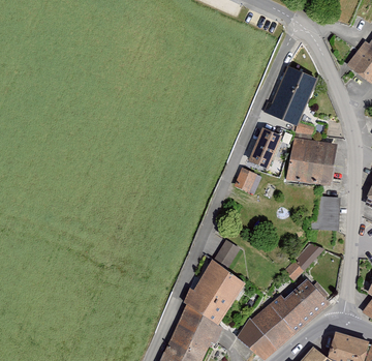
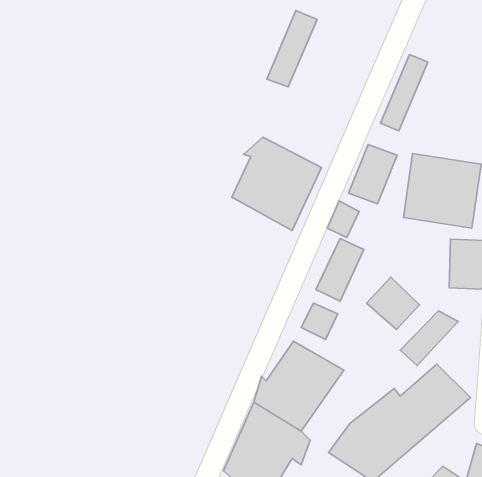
building: [283,73,317,125] -> [267,10,317,87]
building: none -> [232,137,321,230]
building: none -> [316,238,364,301]
building: none -> [367,277,419,330]

